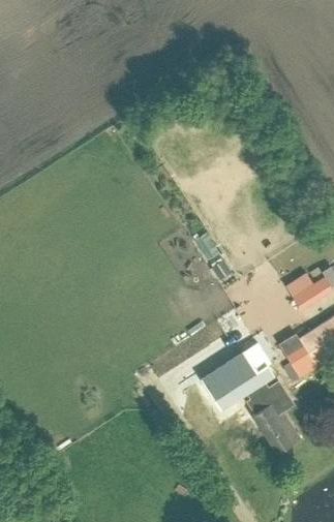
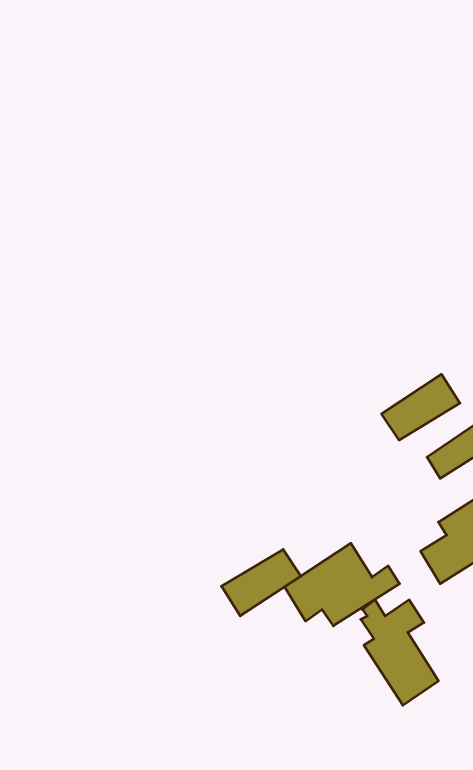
building: none -> [382,374,460,440]
building: none -> [221,549,301,616]

